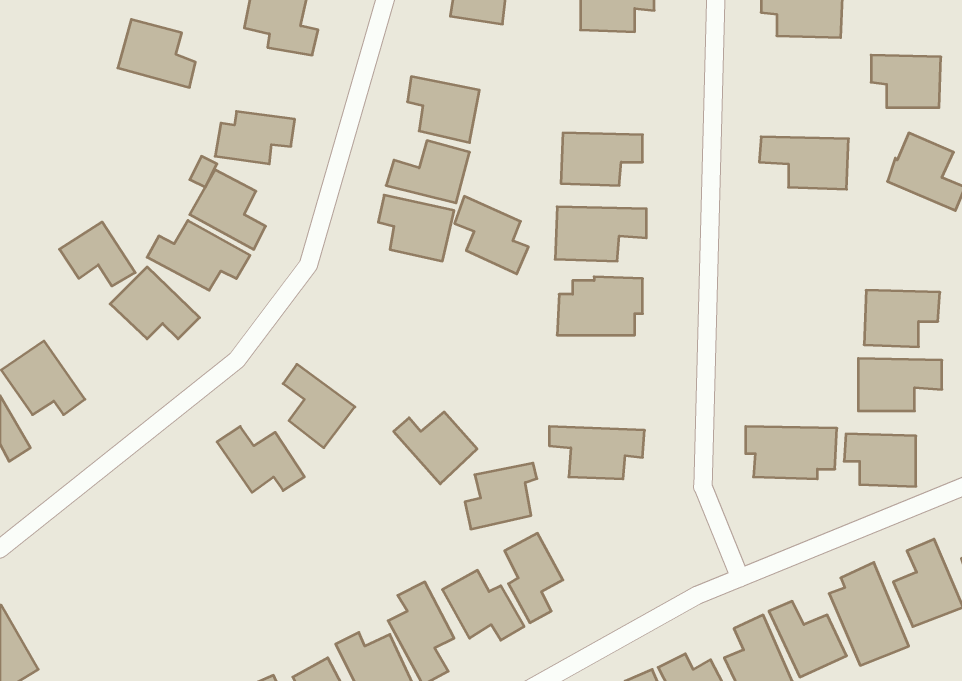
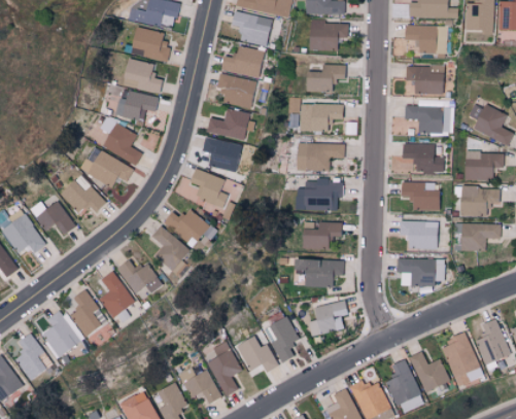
building: [118,19,195,87] -> [121,59,162,95]
building: none -> [220,46,264,78]
building: [871,55,941,108] -> [406,66,443,94]
building: none -> [303,65,345,91]
building: [455,196,528,274] -> [190,168,229,209]
building: none -> [402,144,444,173]
building: [59,222,135,286] -> [35,201,75,235]
building: none -> [463,152,504,180]
building: none -> [400,182,439,210]
building: none -> [301,222,341,249]
building: [394,412,477,484] -> [165,209,209,247]
building: [844,434,916,486] -> [399,221,437,249]
building: none -> [100,271,136,318]
building: [465,463,537,529] -> [308,302,346,337]
building: none -> [71,289,108,337]
building: none -> [44,311,81,357]
building: none -> [15,333,53,381]

